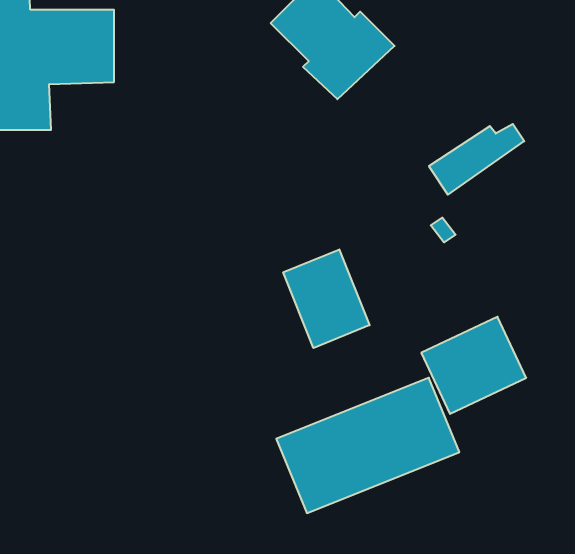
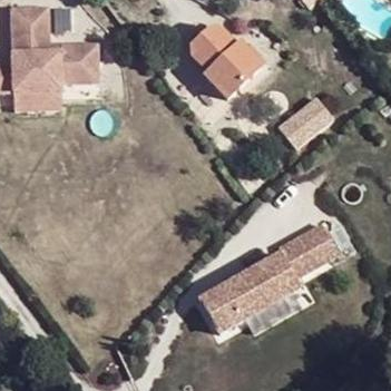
building: [283,249,370,348] -> none

